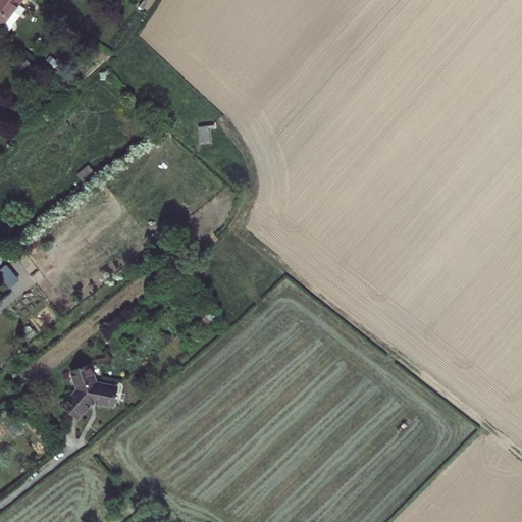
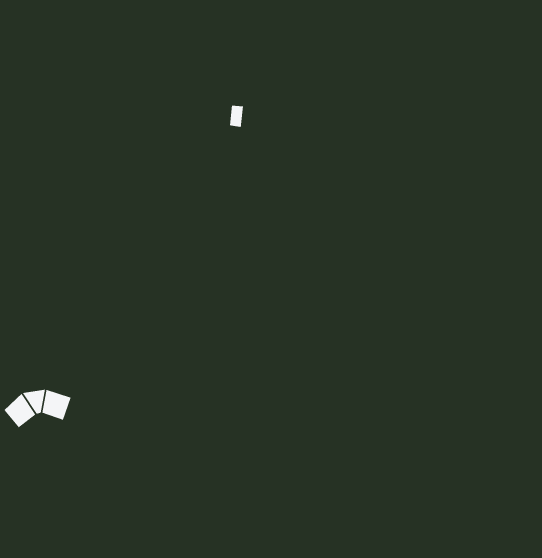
building: [68,363,94,387] -> none

